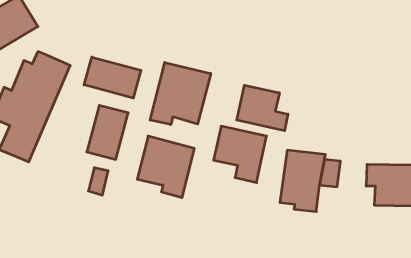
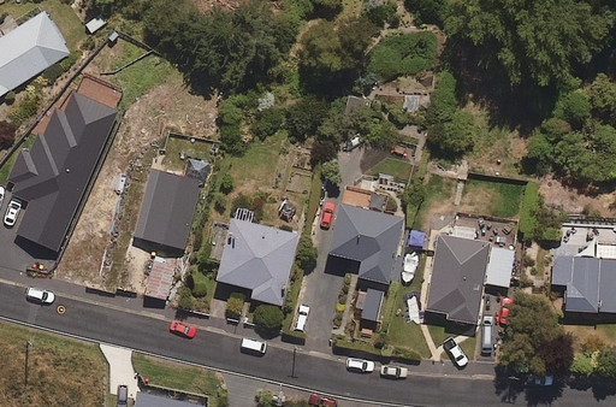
building: [84,57,141,98] -> none
building: [150,62,211,125] -> none
building: [237,85,288,131] -> none

